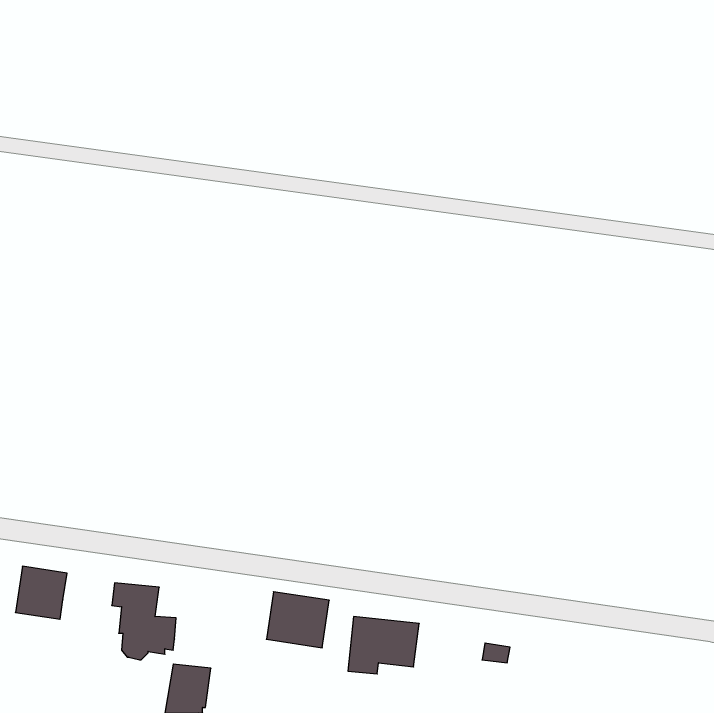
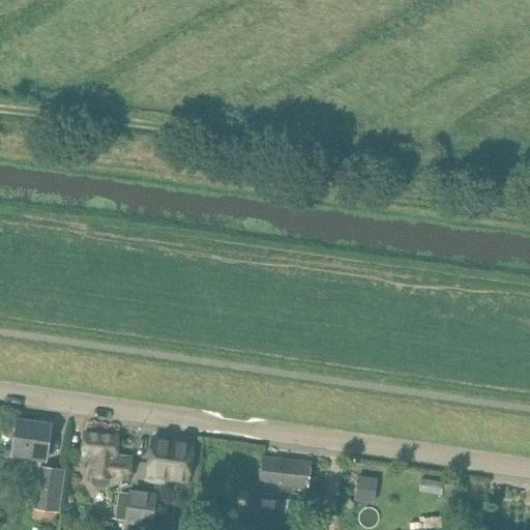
building: [266,592,329,648] -> [146,438,193,479]
building: none -> [31,467,64,511]

